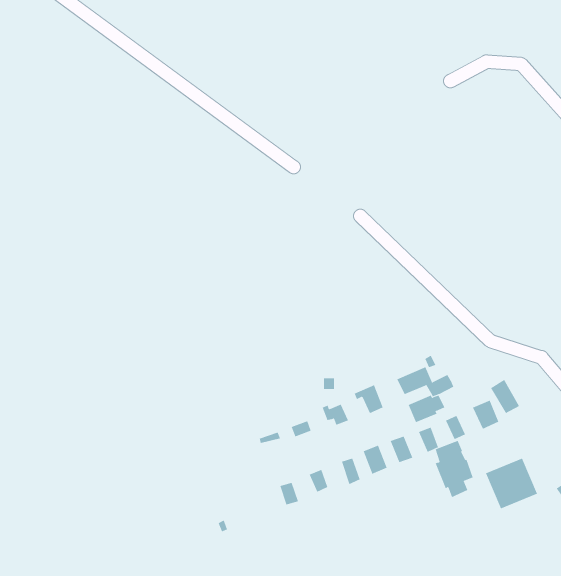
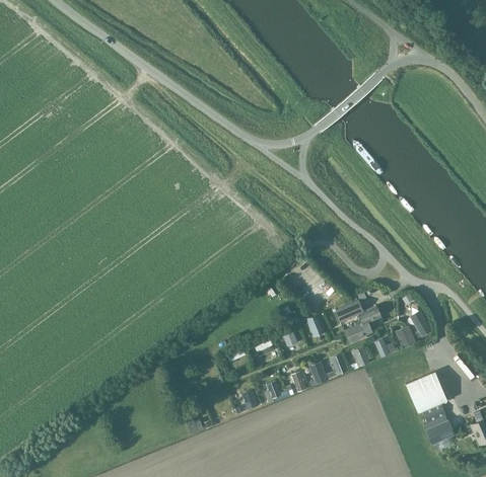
building: [435,440,473,498] -> [424,405,455,451]

